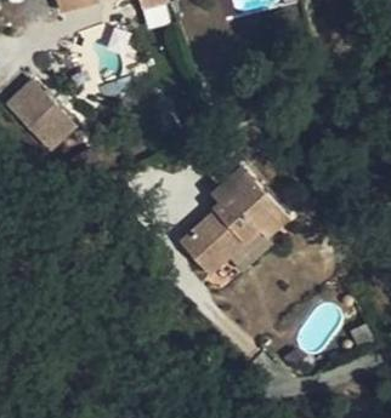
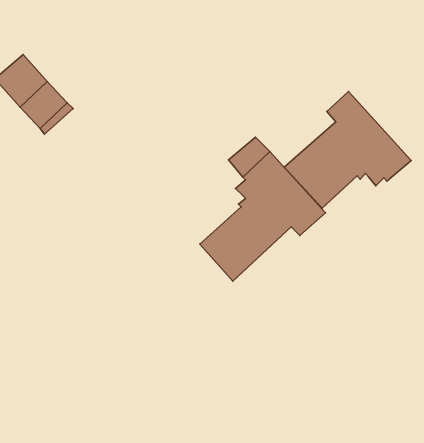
building: none -> [284,91,411,208]

